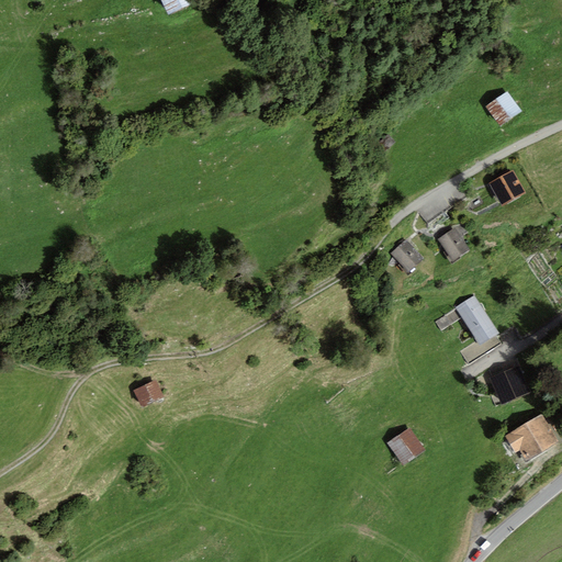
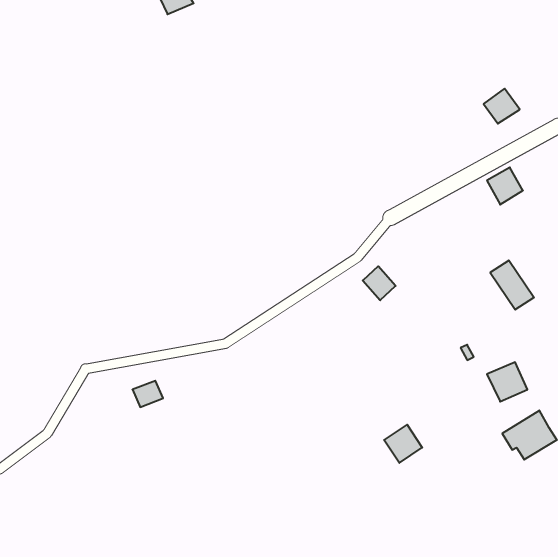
building: [437,226,470,262] -> none
building: [390,237,423,271] -> [363,266,396,300]
building: [454,294,498,344] -> [490,260,534,310]

